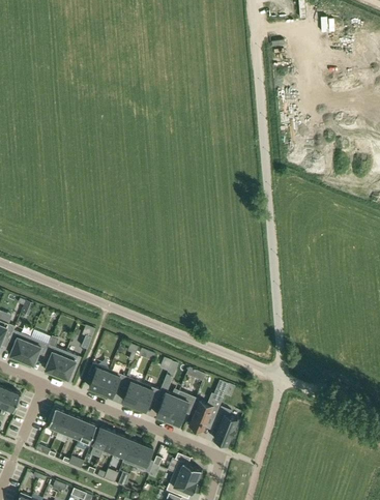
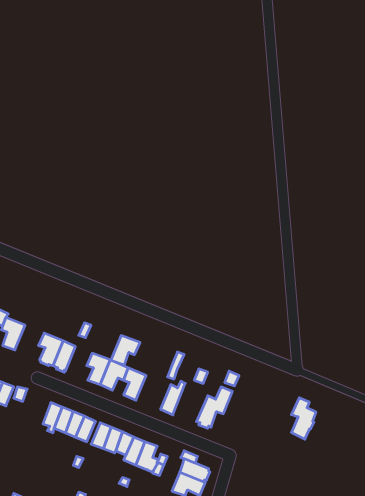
building: [22,330,52,365] -> none
building: [134,384,160,411] -> [111,336,140,365]
building: [168,391,195,425] -> none
building: [214,407,237,445] -> [291,398,316,439]

